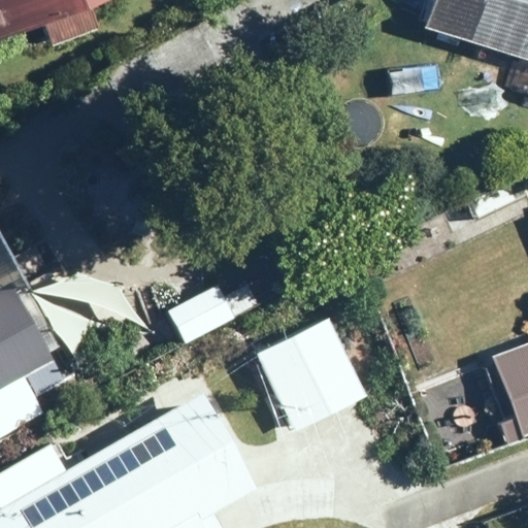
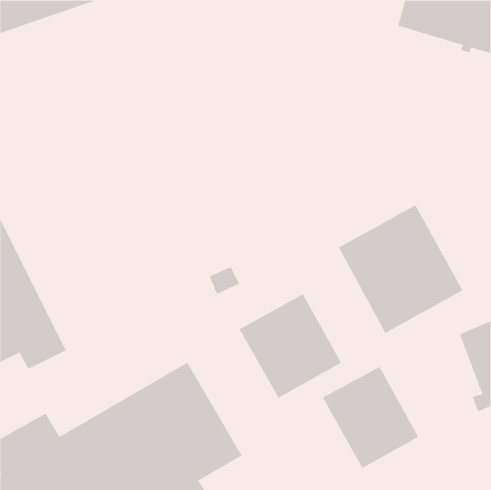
building: none -> [338,204,463,334]
building: none -> [322,366,419,469]

